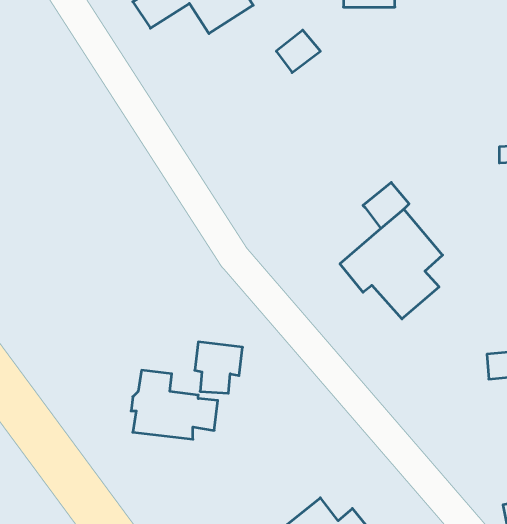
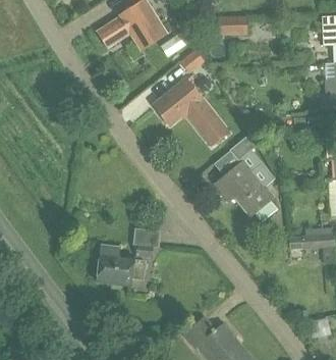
building: none -> [154,80,226,144]

